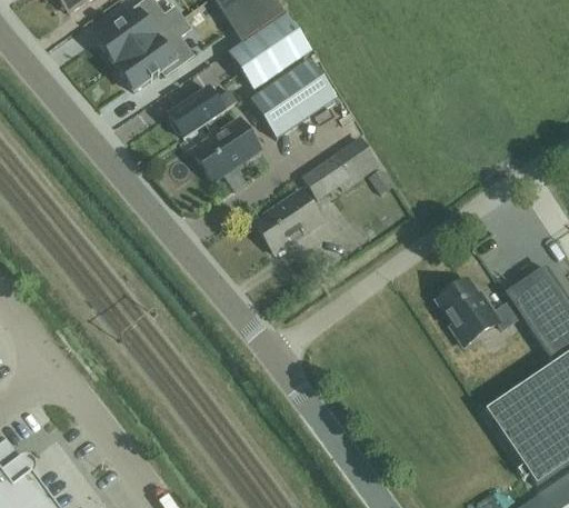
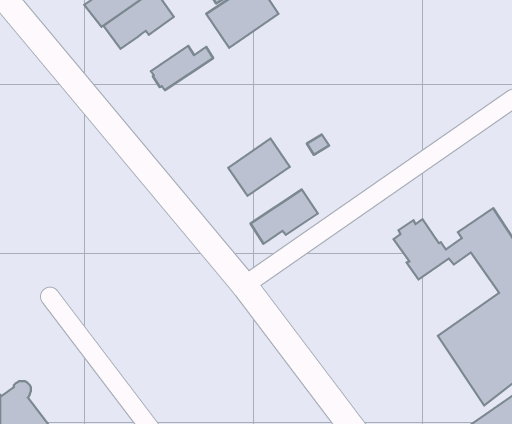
building: [252,58,337,137] -> none
building: [192,116,261,179] -> none
building: [305,137,379,197] -> [250,189,318,244]

